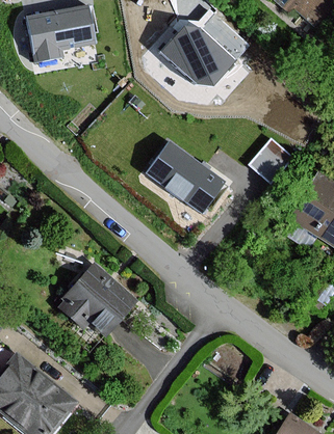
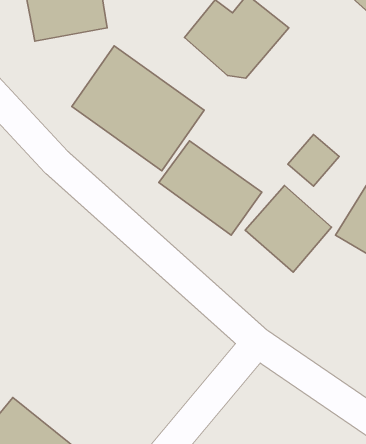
building: none -> [72,46,204,171]
building: none -> [245,186,331,272]
building: [58,263,137,337] -> none

